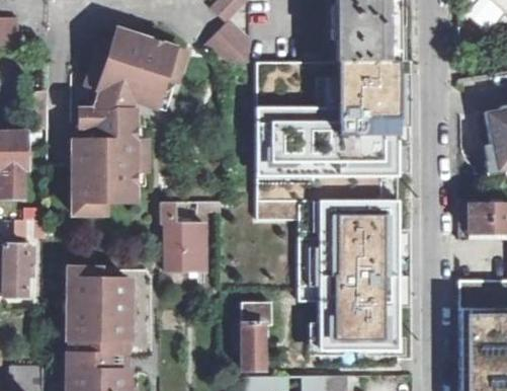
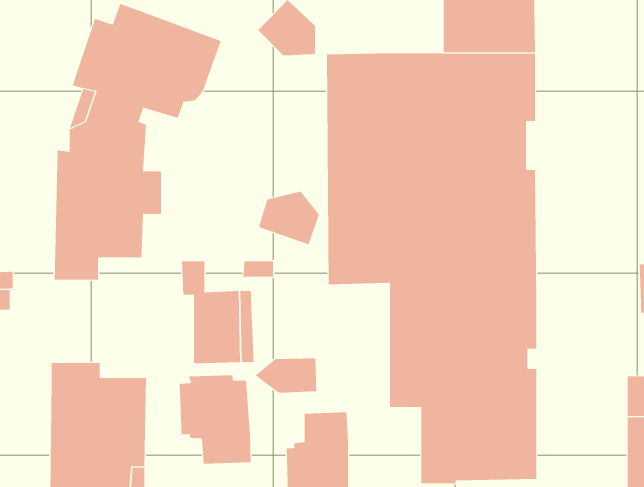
building: none -> [258,191,320,245]
building: none -> [254,358,317,394]
building: none -> [179,374,251,465]

